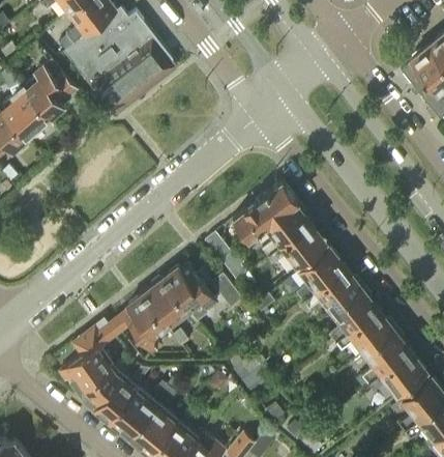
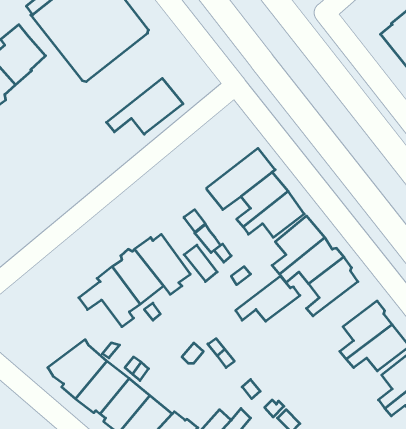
building: none -> [106,78,183,134]
building: [334,309,396,352] -> [236,276,300,321]
building: [59,320,119,392] -> none

